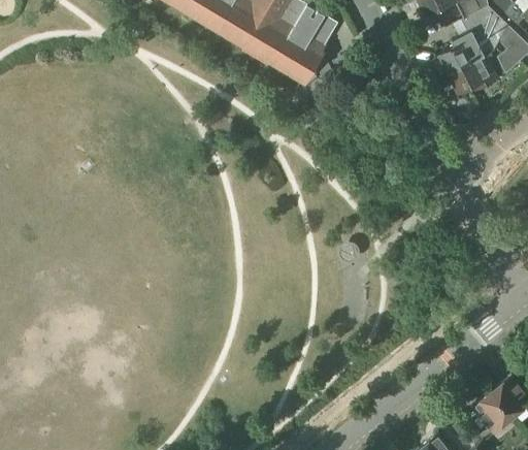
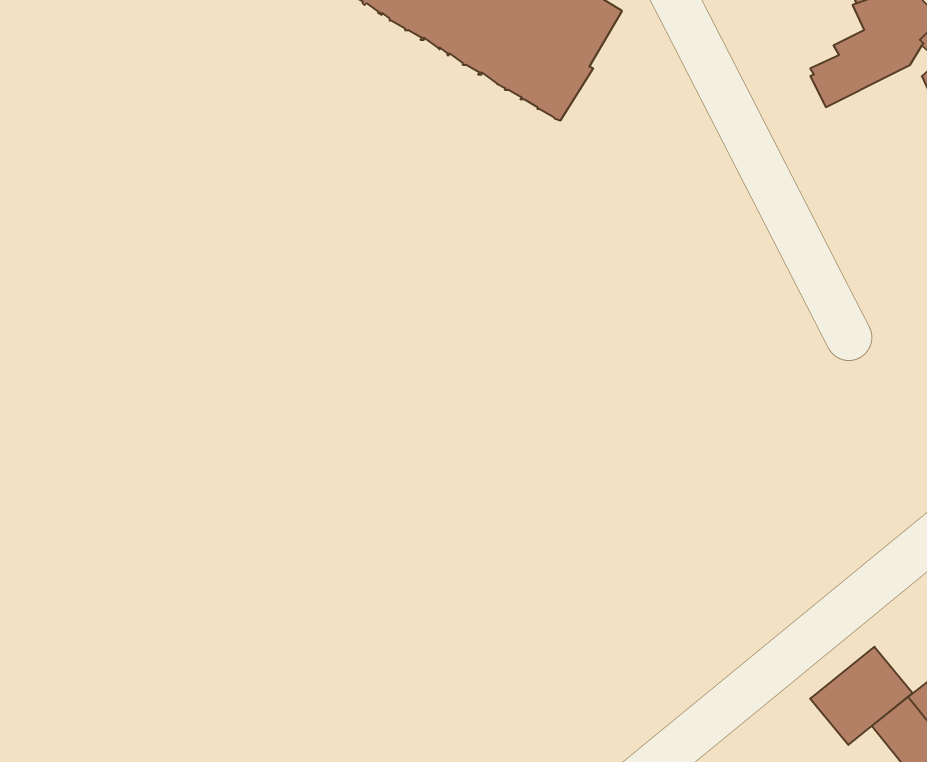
building: [447,57,496,94] -> none
building: none -> [810,647,913,745]

